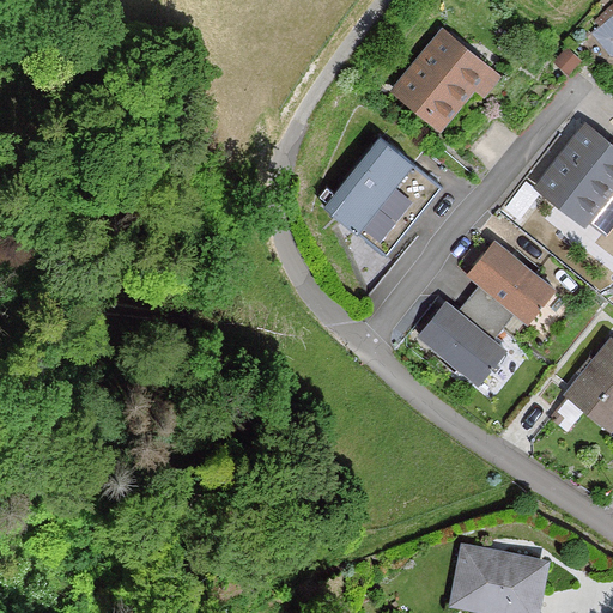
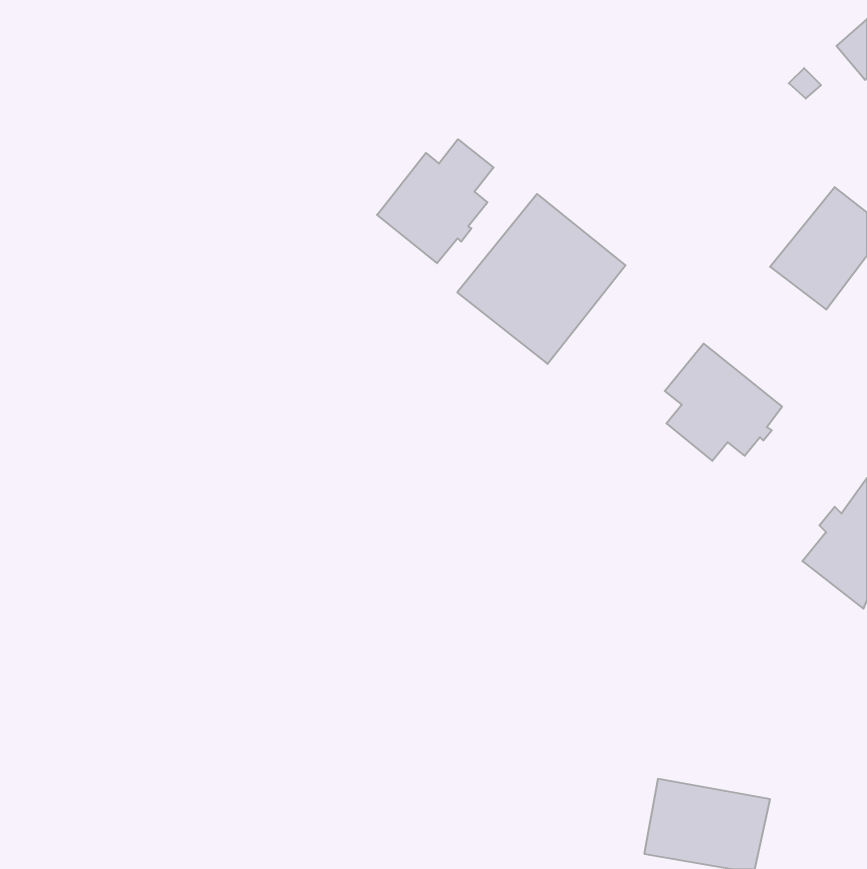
building: [400,37,482,122] -> none
building: none -> [377,139,494,263]
building: [419,298,502,382] -> none

